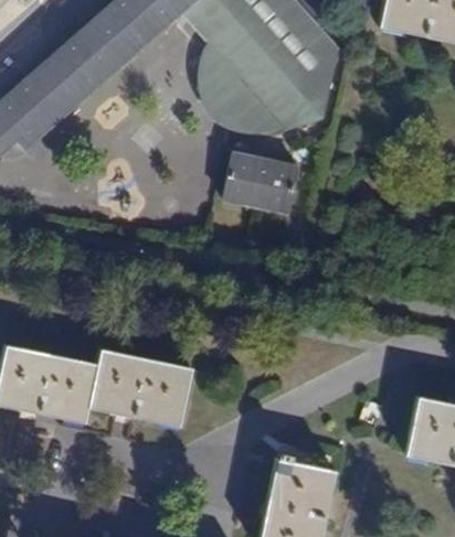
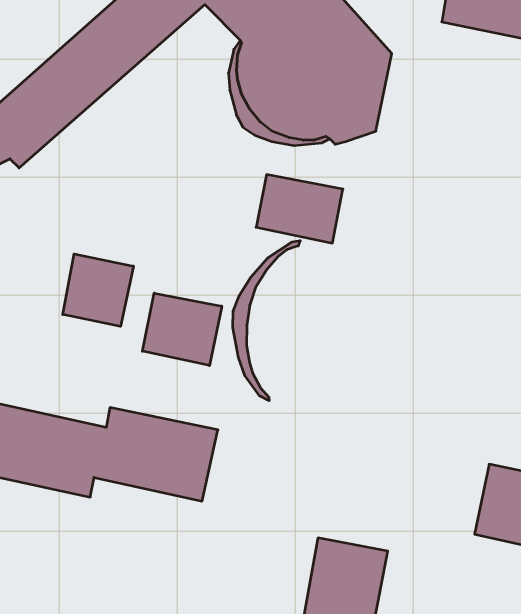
building: none -> [233,241,300,401]
building: none -> [63,254,133,326]
building: none -> [142,293,222,366]

